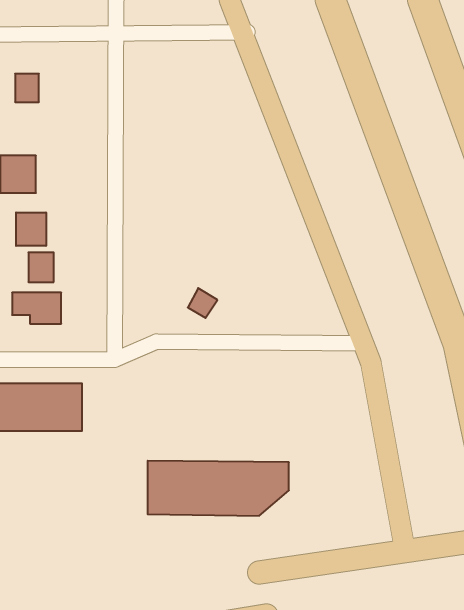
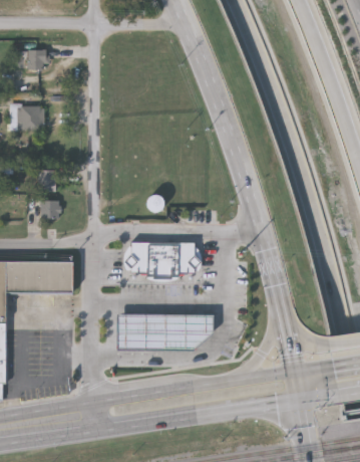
building: [16,212,46,246] -> none
building: none -> [130,241,193,282]

